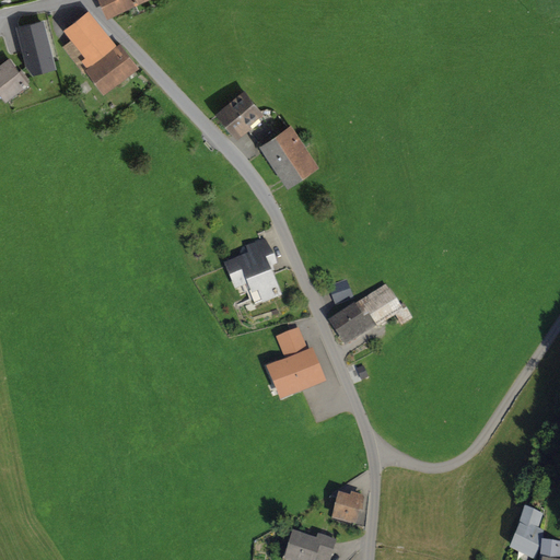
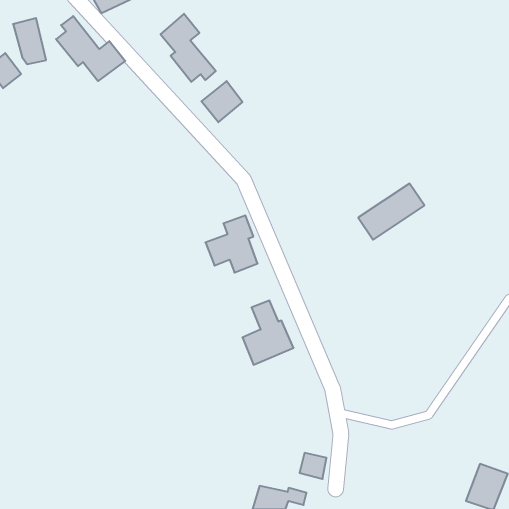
building: none -> [161,14,216,82]
building: [264,122,320,183] -> none
building: [331,284,404,346] -> [358,184,424,240]

